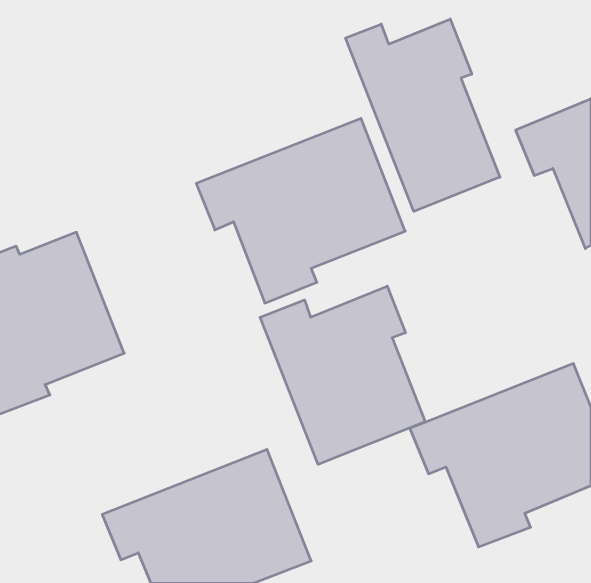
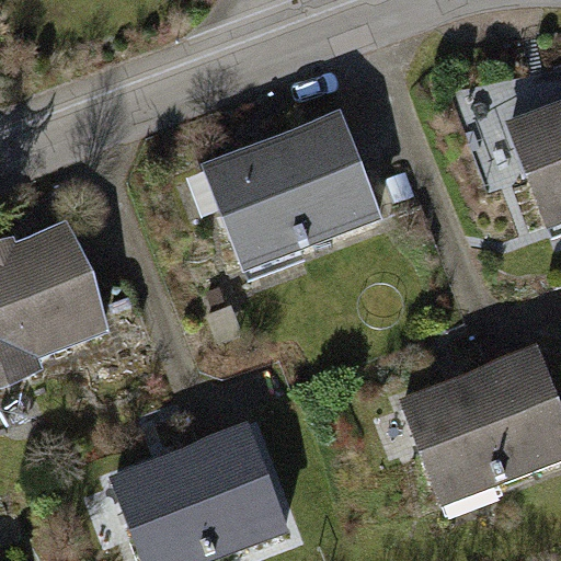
building: [346,19,500,211] -> none
building: [260,286,425,464] -> none

